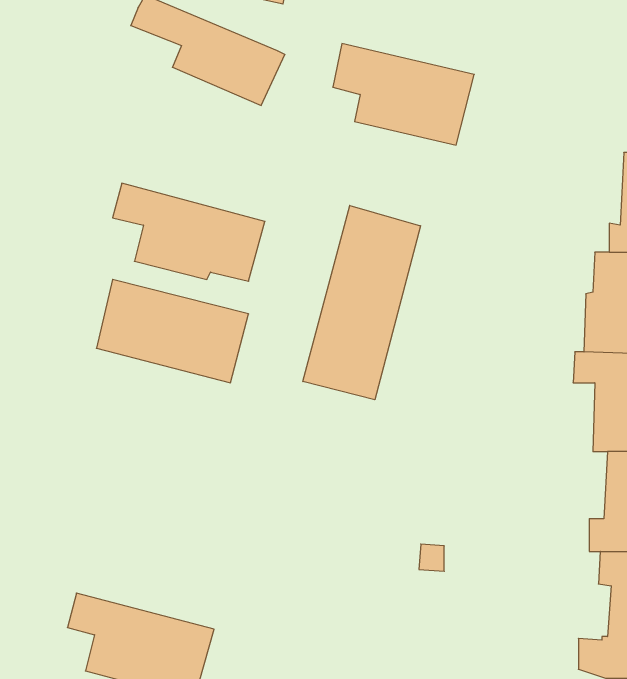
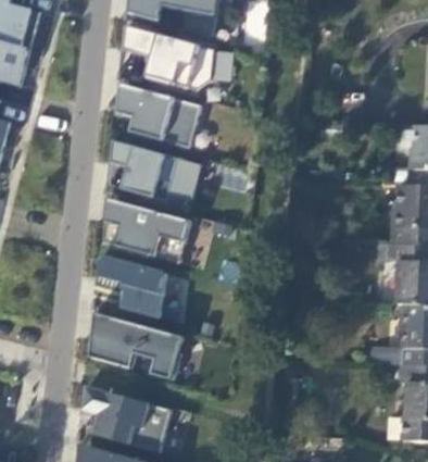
building: [333,44,474,145] -> [116,85,201,146]
building: [303,205,421,400] -> none
building: none -> [97,258,179,319]
building: none -> [86,314,185,378]

